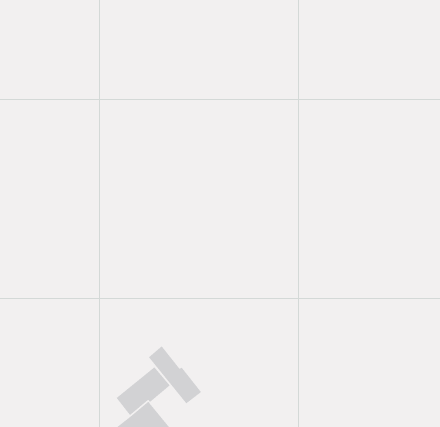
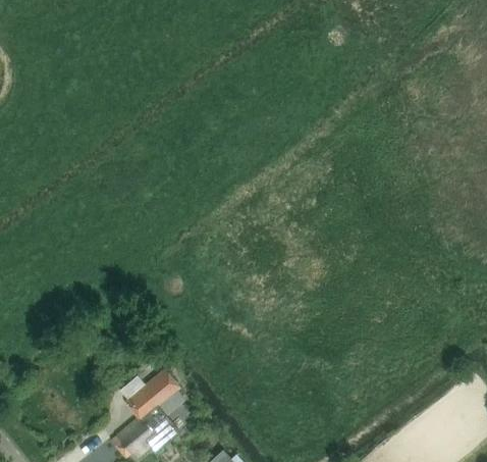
building: [148,345,202,405] -> none

